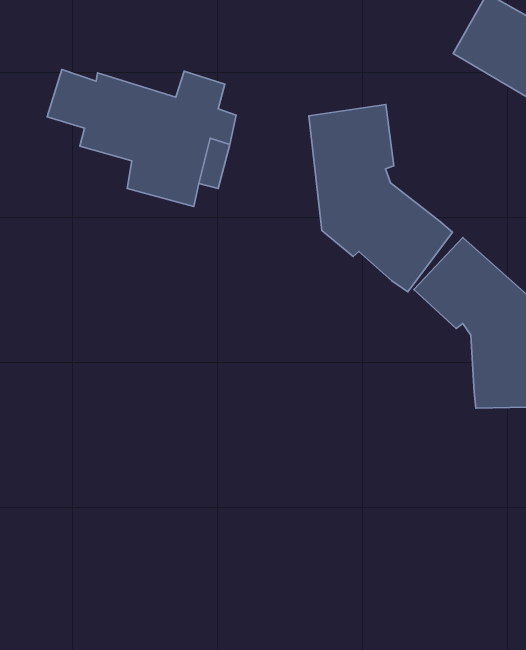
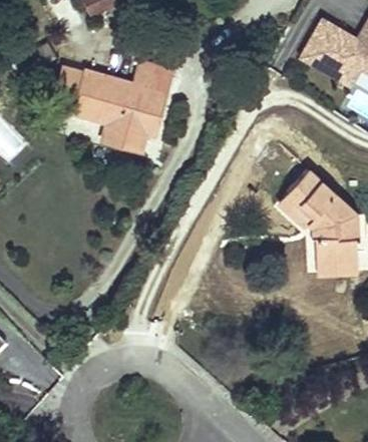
building: [309,104,452,292] -> none

